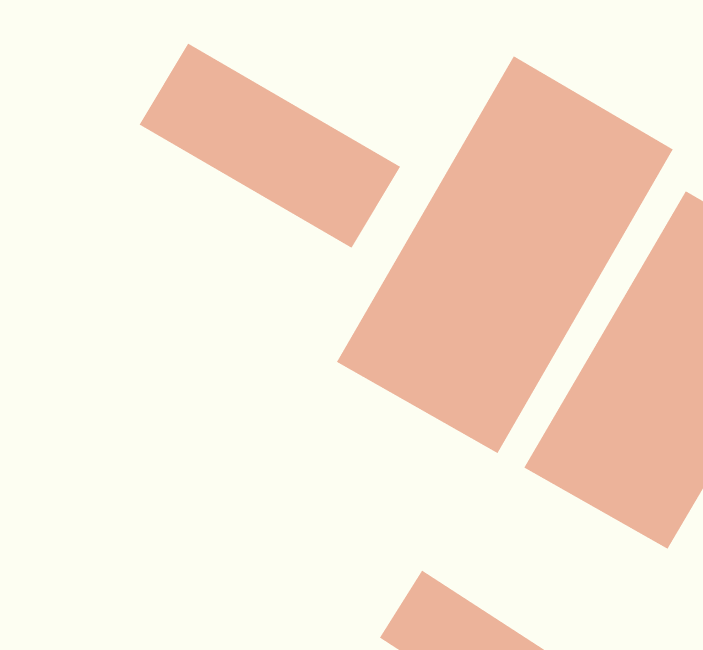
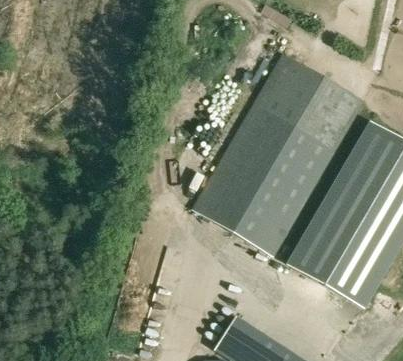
building: [139,43,401,249] -> none

